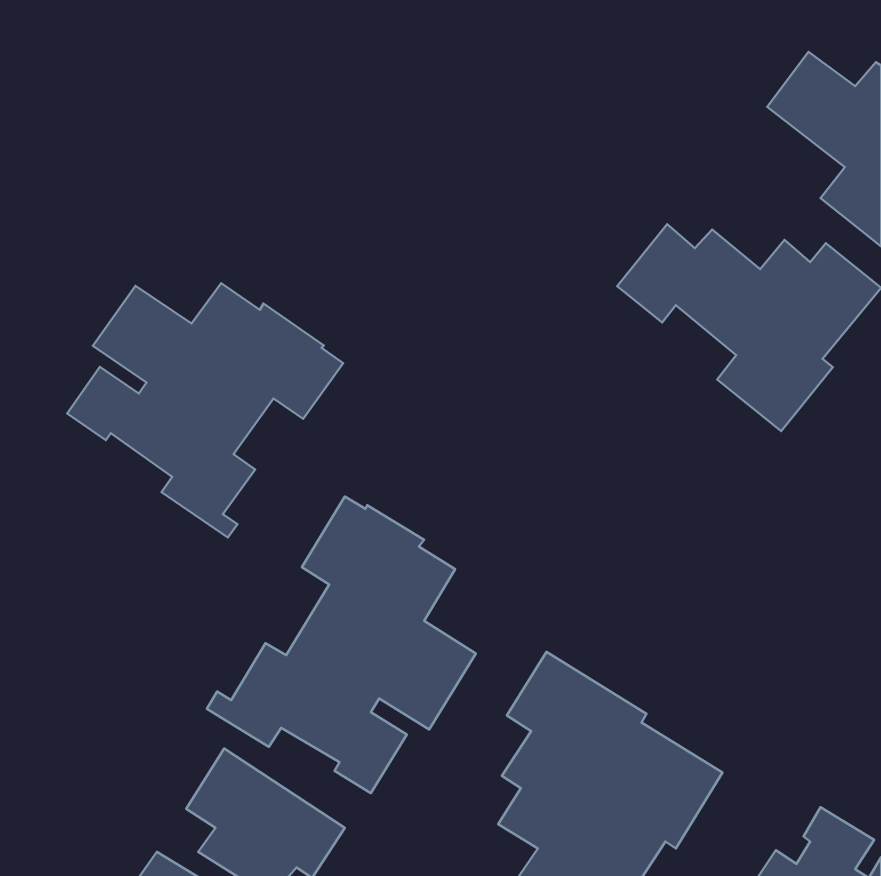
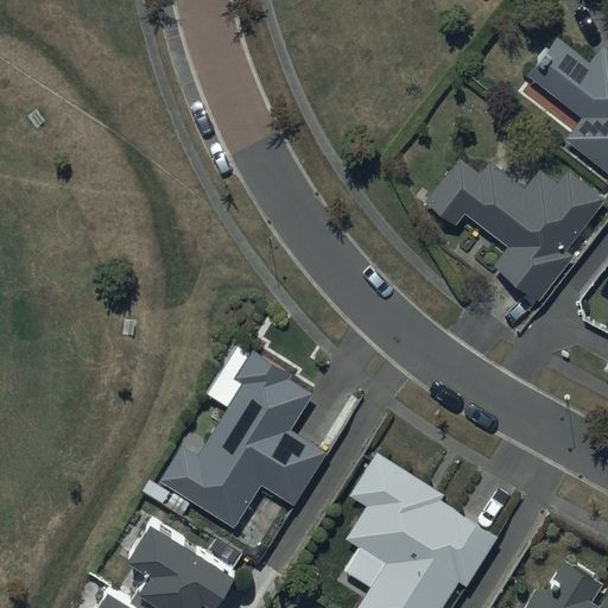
building: [67,283,343,538] -> none

